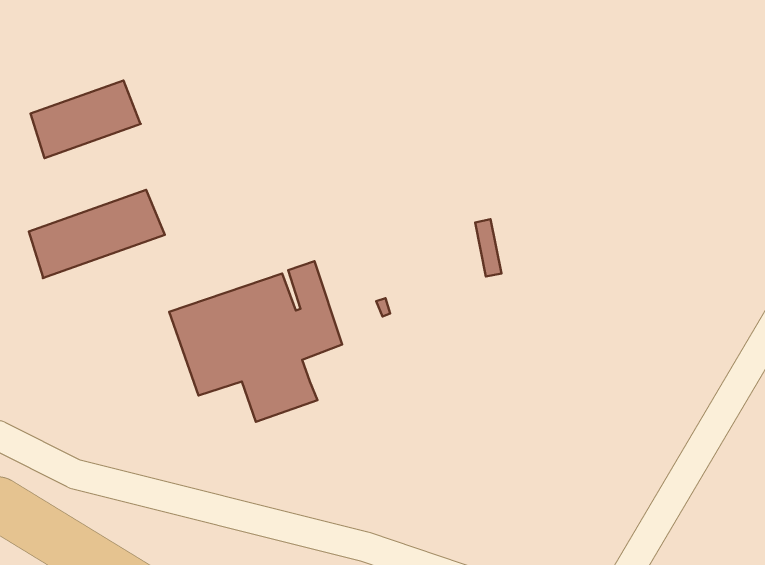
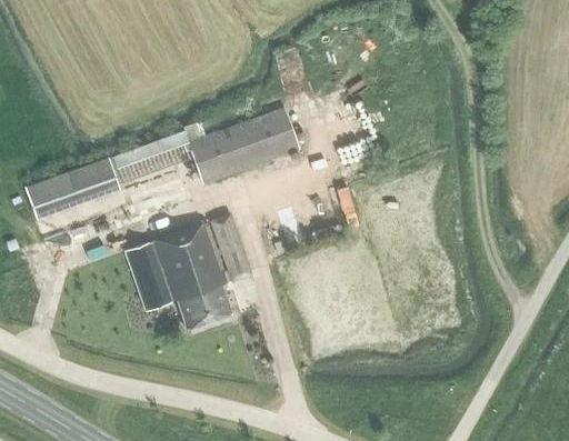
building: [31,81,141,158] -> none
building: none -> [112,107,299,184]

